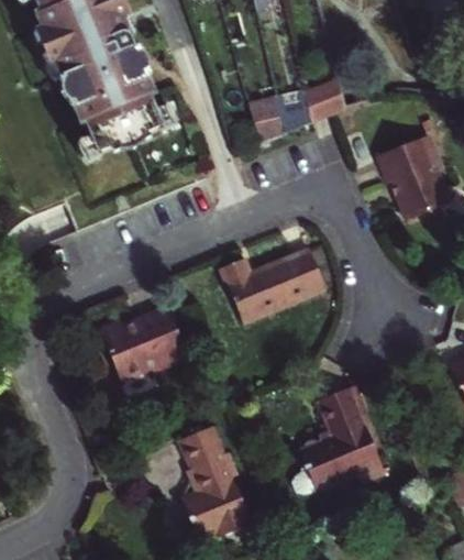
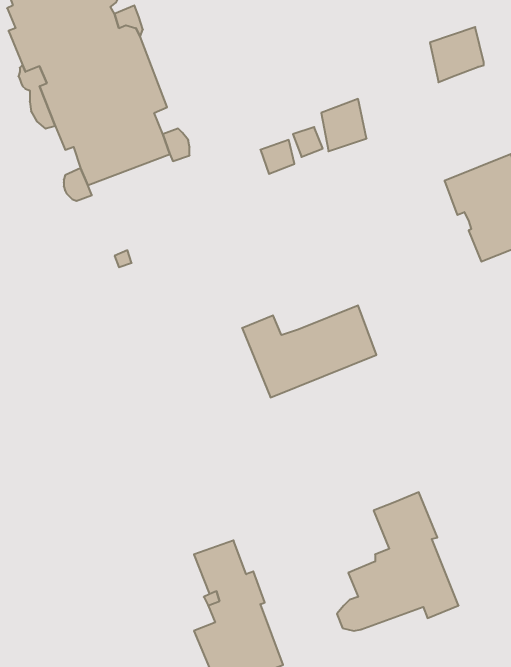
building: [309,75,351,118] -> [430,27,484,82]
building: [97,305,187,375] -> none

